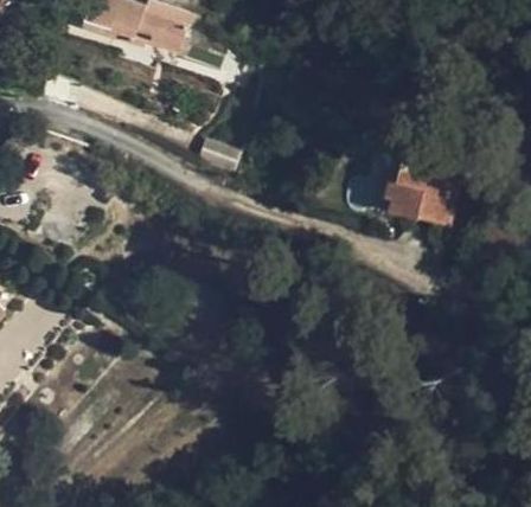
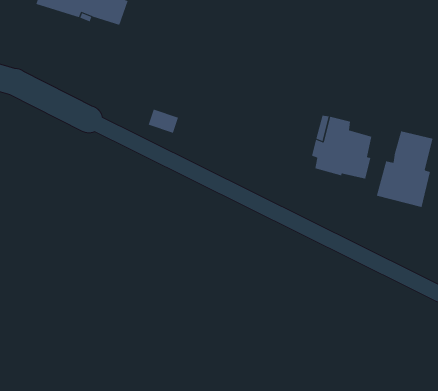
building: none -> [376,130,433,208]

